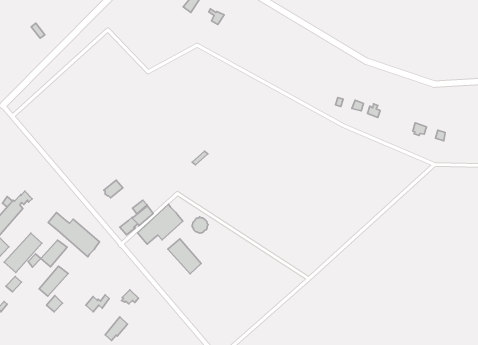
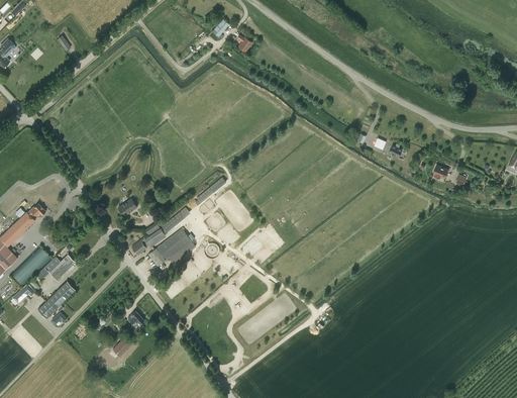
building: [48,213,99,257] -> none
building: [168,239,201,274] -> none

